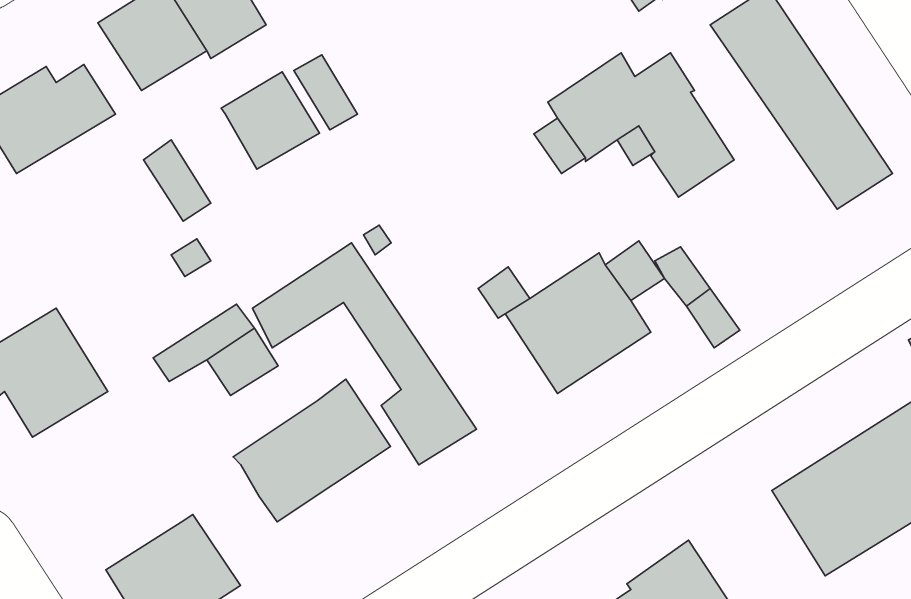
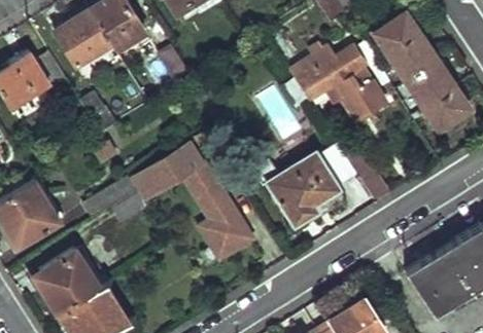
building: [221,72,319,169] -> none
building: [233,379,390,522] -> none
building: none -> [39,249,99,313]

